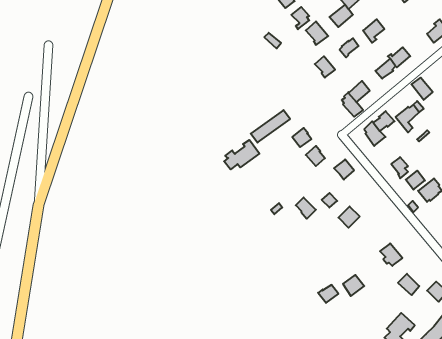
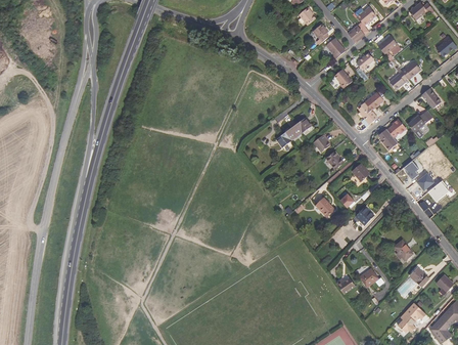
building: [224,140,259,169] -> none

